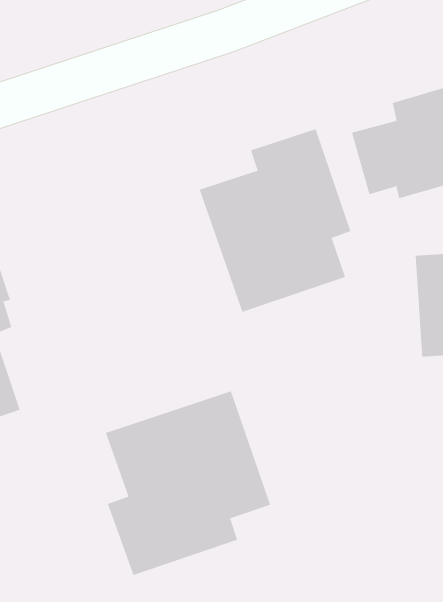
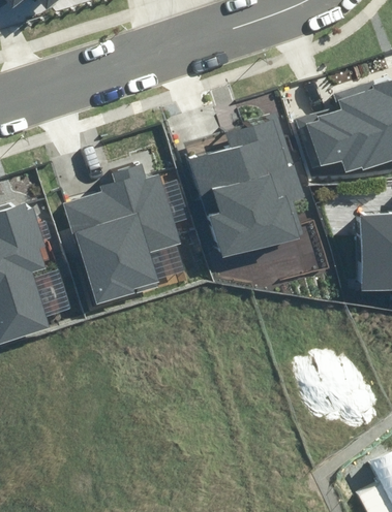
building: none -> [66,165,184,306]
building: [105,390,271,576] -> none

